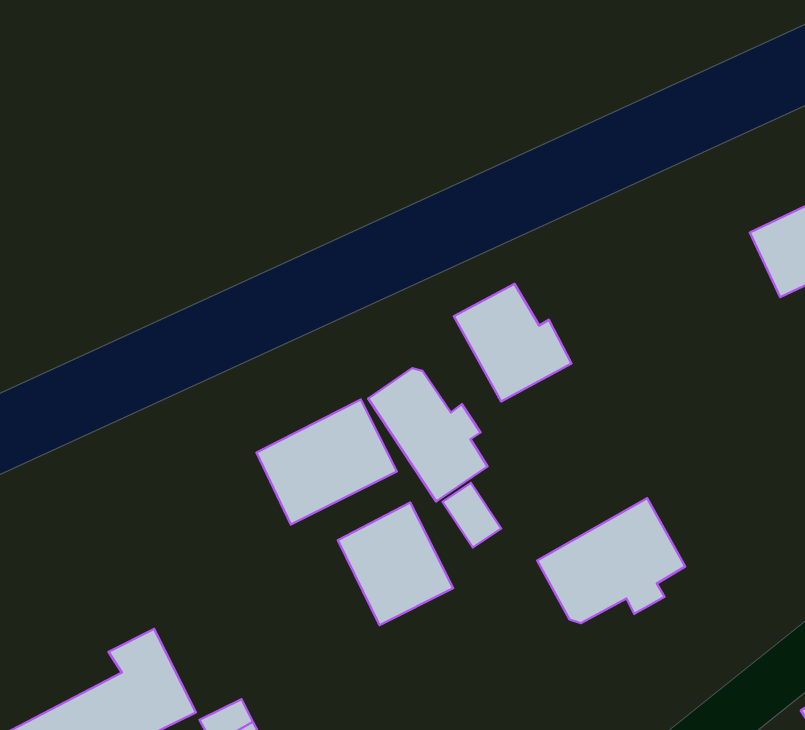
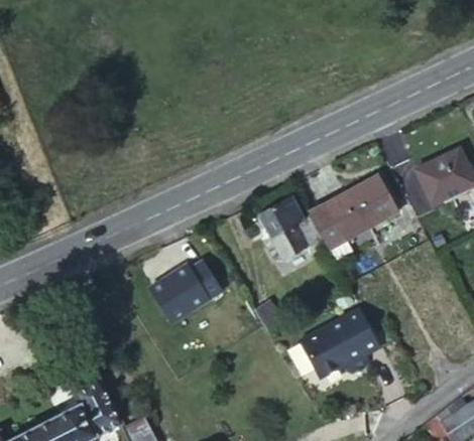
building: none -> [307,174,397,259]
building: [368,368,488,501] -> none
building: [338,502,453,625] -> none

